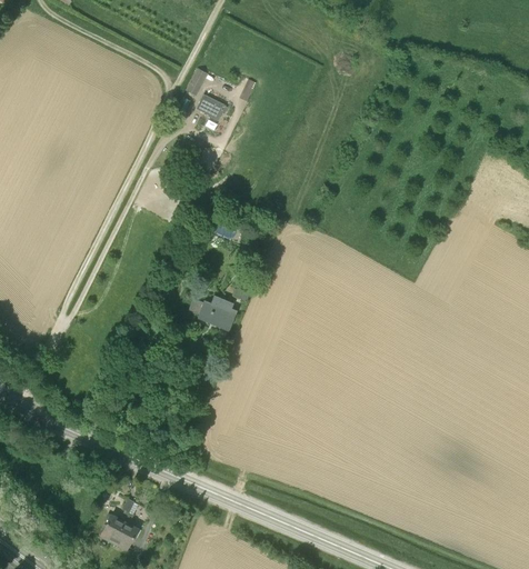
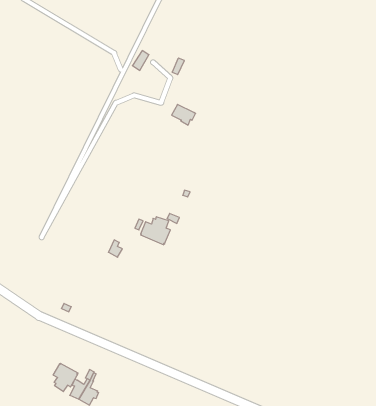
building: [194,94,227,122] -> [172,104,196,125]
building: none -> [53,363,78,392]

